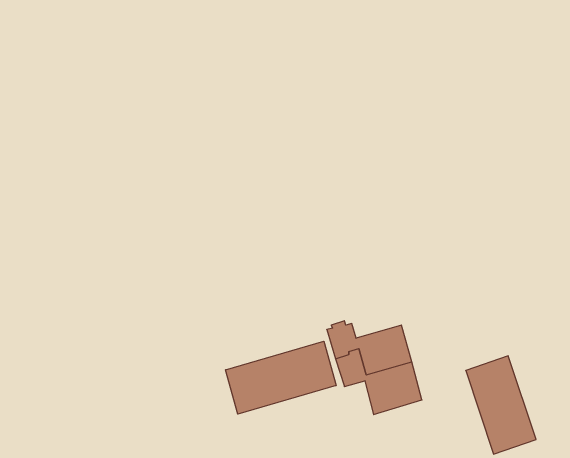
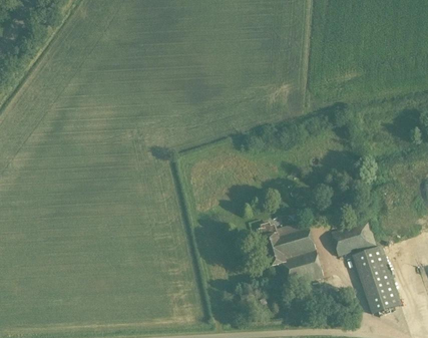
building: none -> [332,221,376,256]
building: [226,341,336,414] -> none

